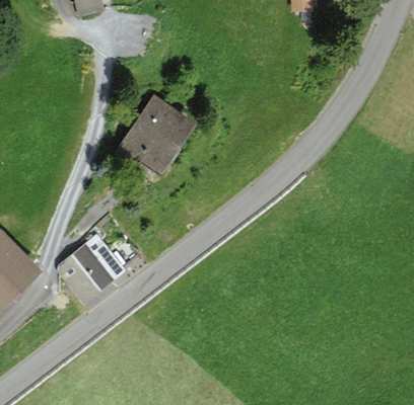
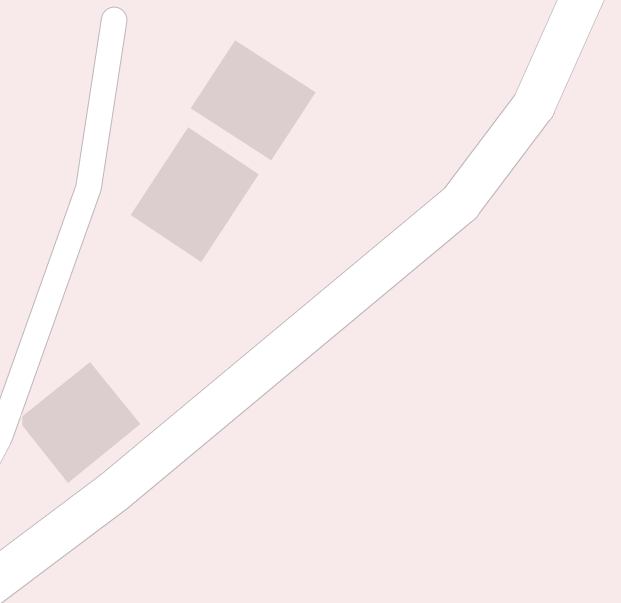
building: none -> [189,39,317,161]

